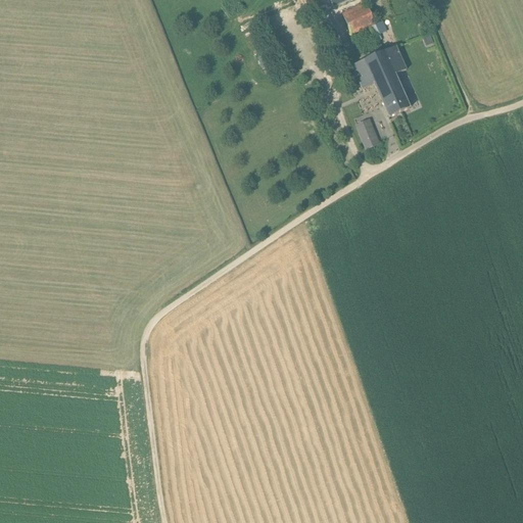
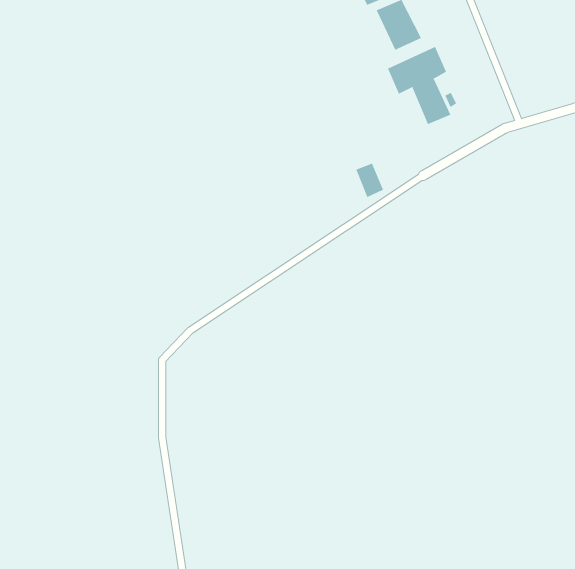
building: [354,115,380,147] -> [356,163,384,198]

